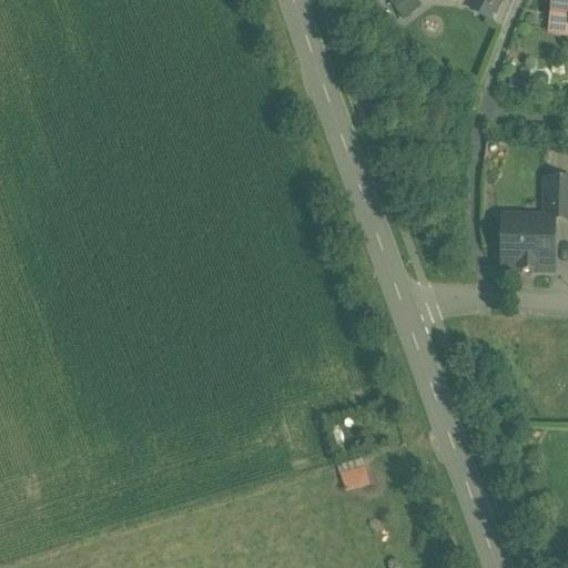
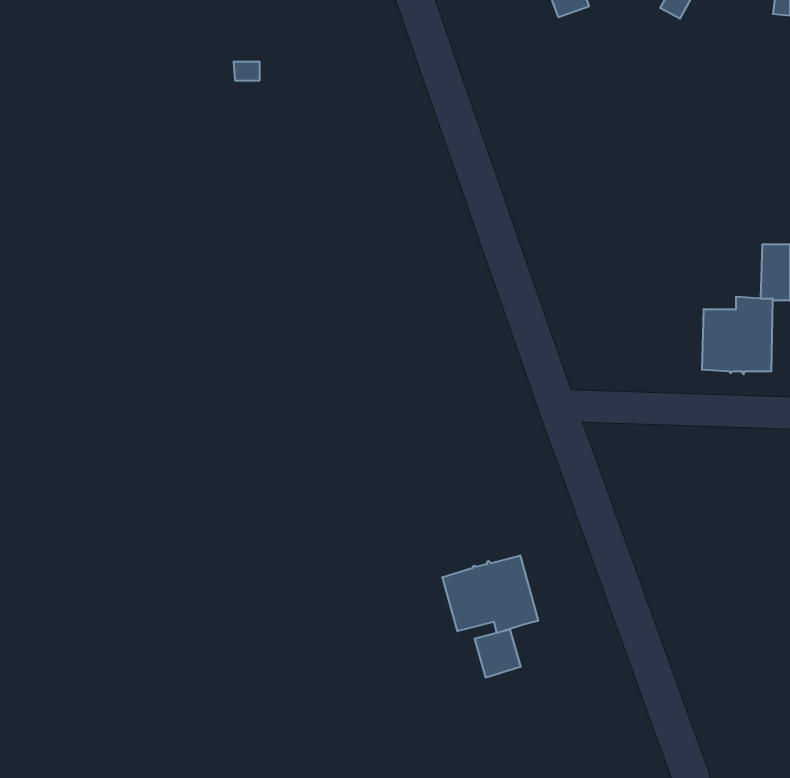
building: none -> [442,555,538,633]

